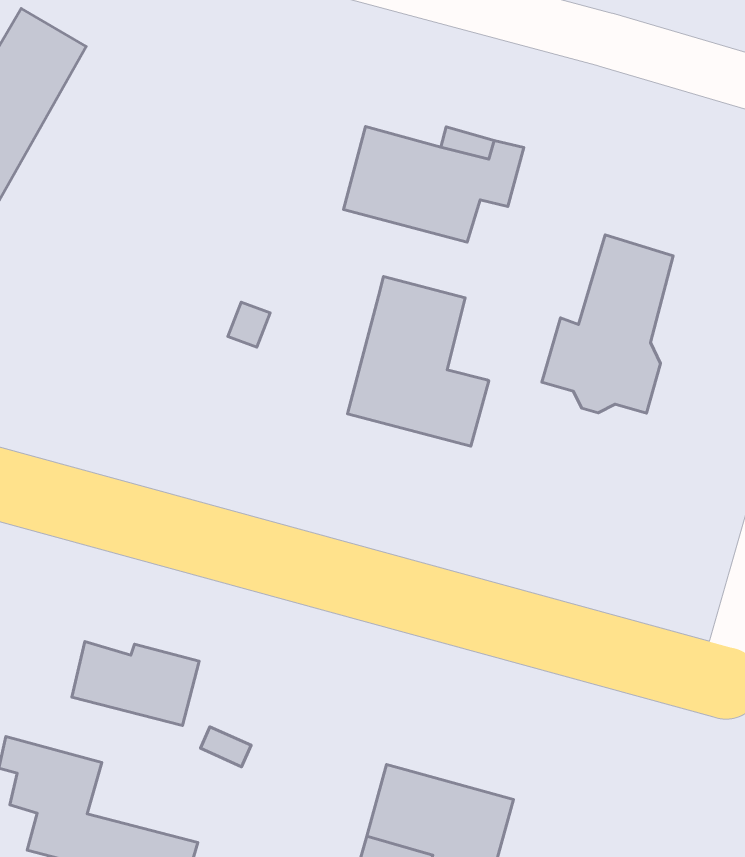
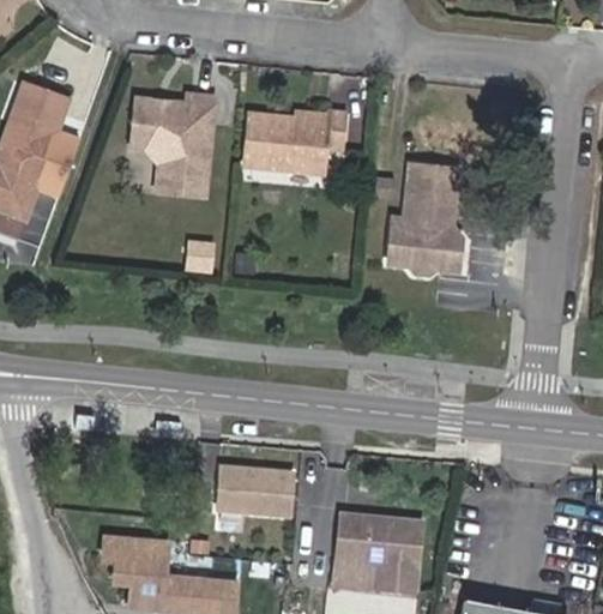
building: none -> [135,94,217,194]
building: [348,276,489,446] -> none
building: [72,642,199,726] -> [212,465,288,511]

